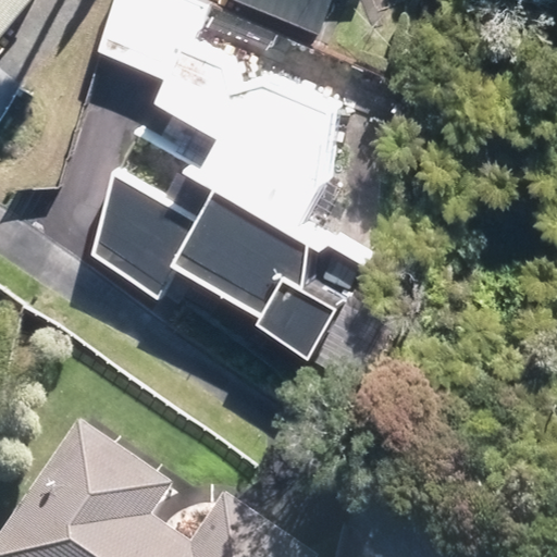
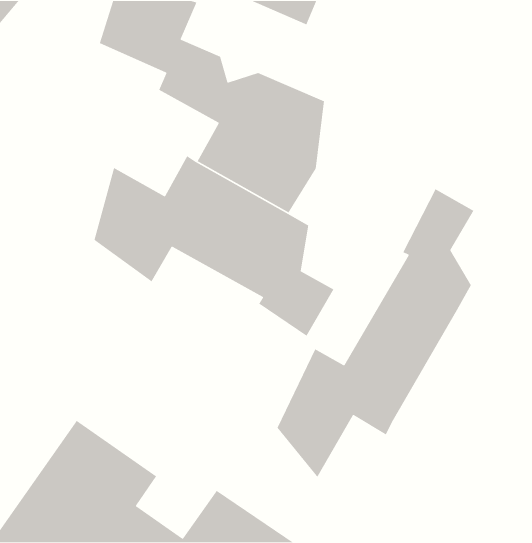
building: none -> [277,188,474,478]

